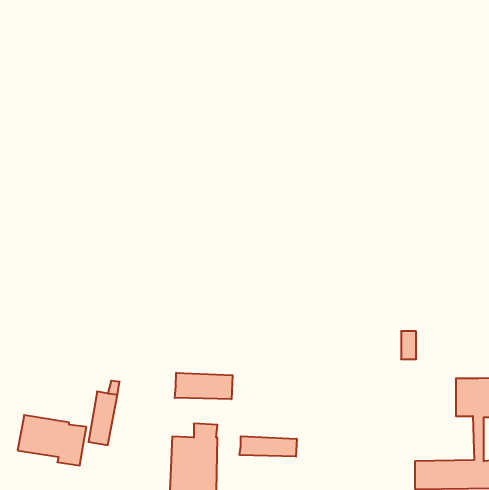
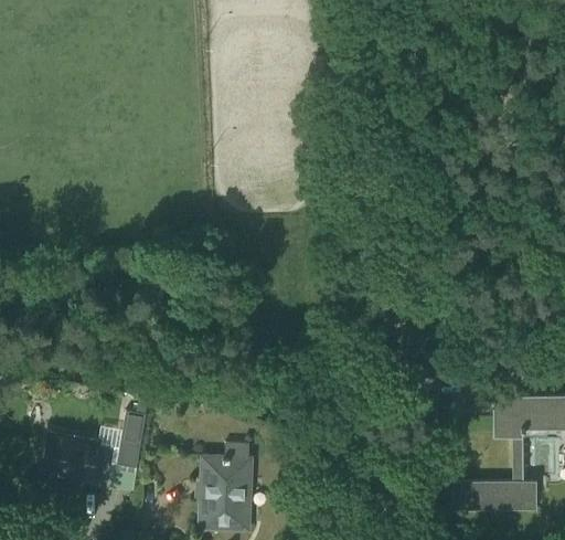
building: [175,373,233,399] -> none
building: [240,436,297,457] -> none

